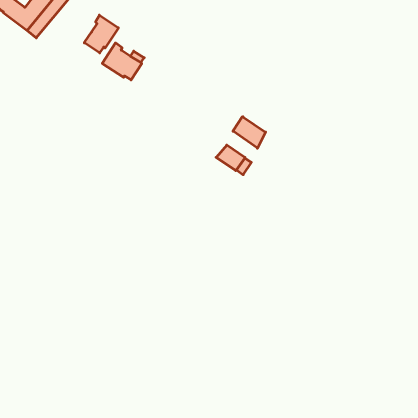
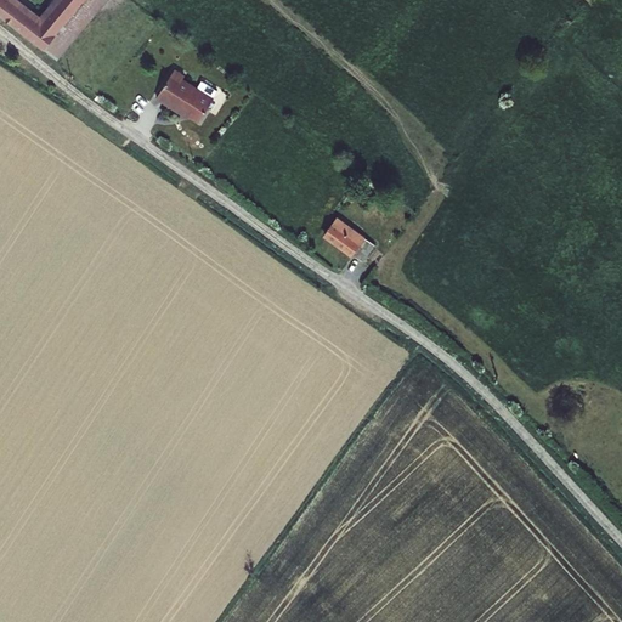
building: [84,15,118,53] -> none
building: [233,117,266,148] -> none

